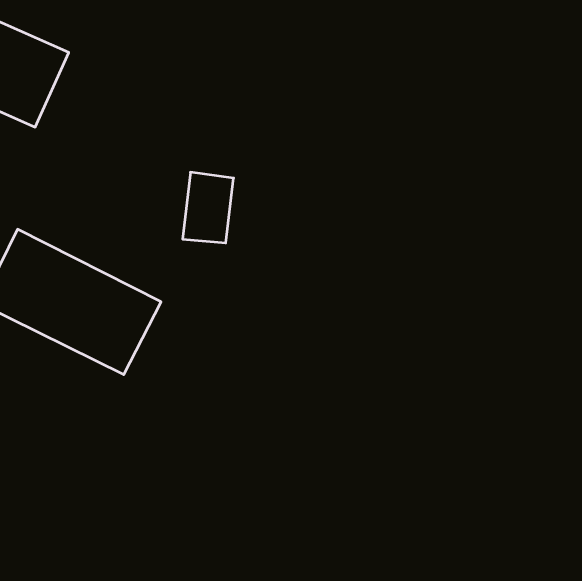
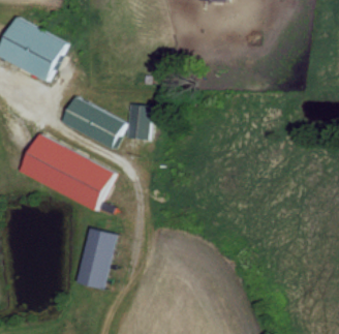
building: none -> [60,97,125,149]
building: none -> [75,227,116,290]

